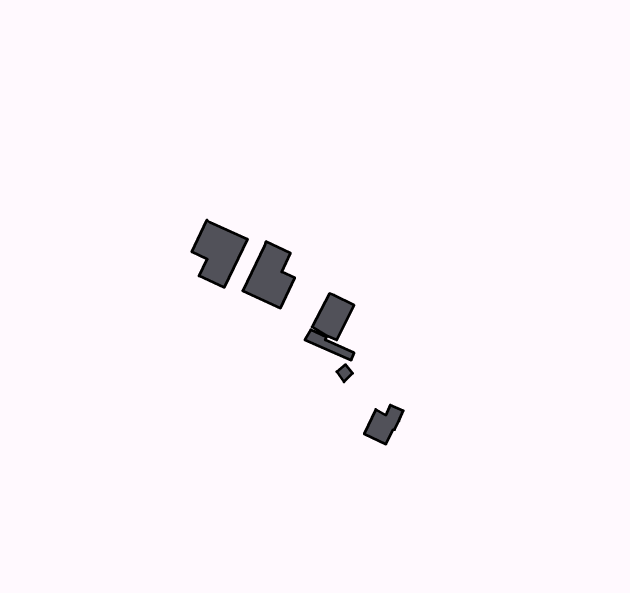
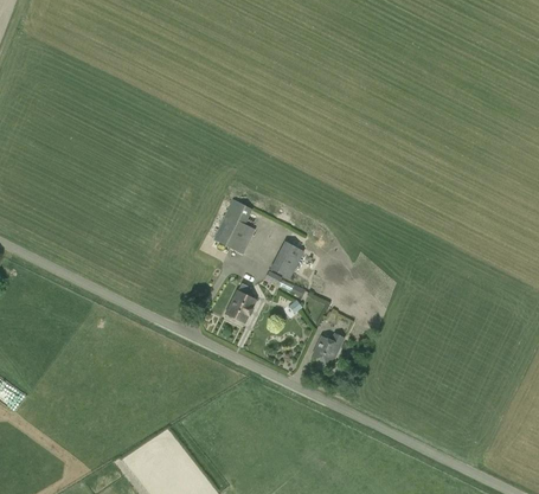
building: [192,220,247,287] -> none
building: none -> [225,283,256,323]

